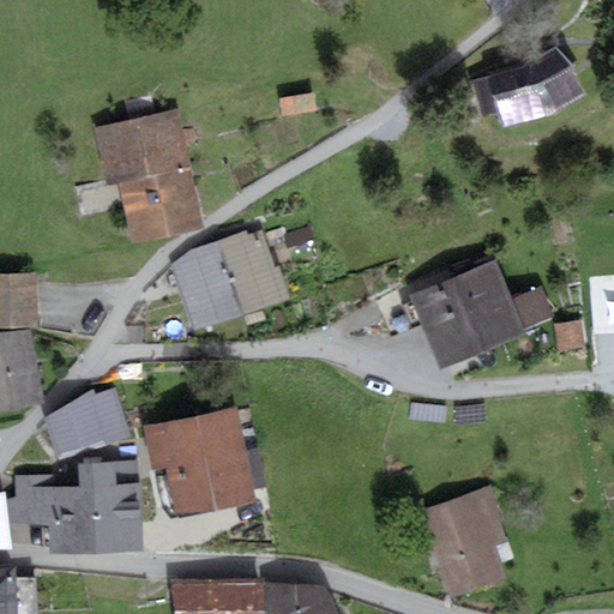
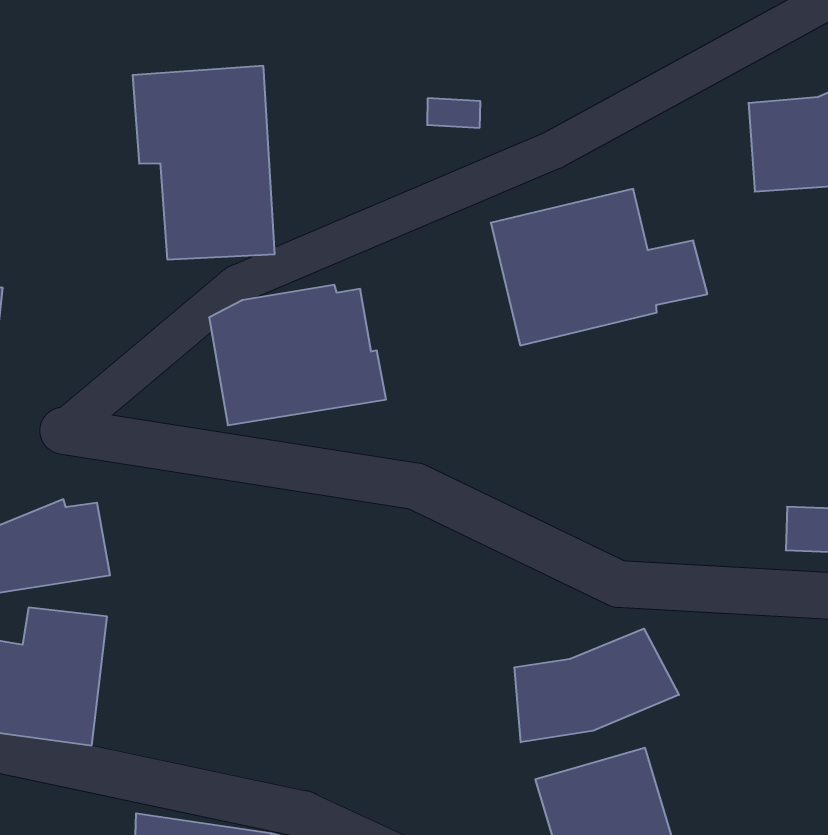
building: [408,258,552,368] -> [491,189,707,345]
building: [145,411,249,512] -> none
building: none -> [515,629,679,742]

